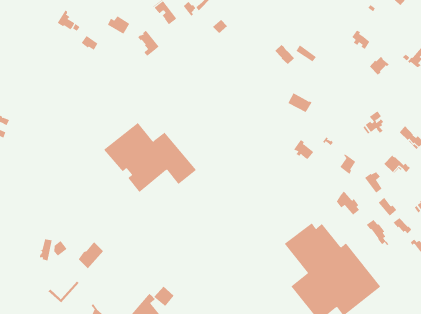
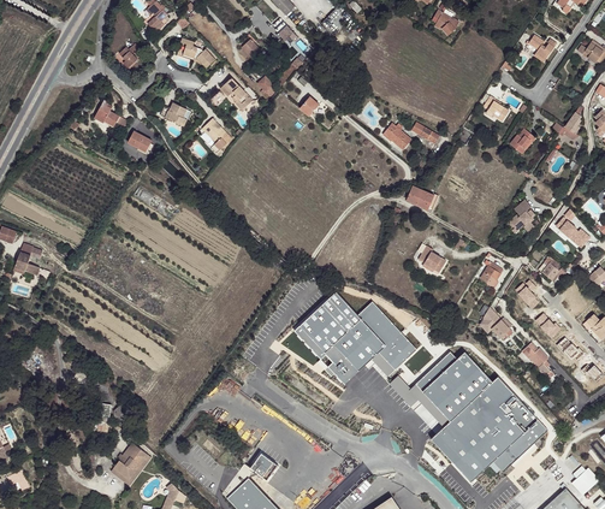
building: [103,122,197,193] -> [291,292,416,385]
building: [78,241,104,269] -> [113,443,147,480]

